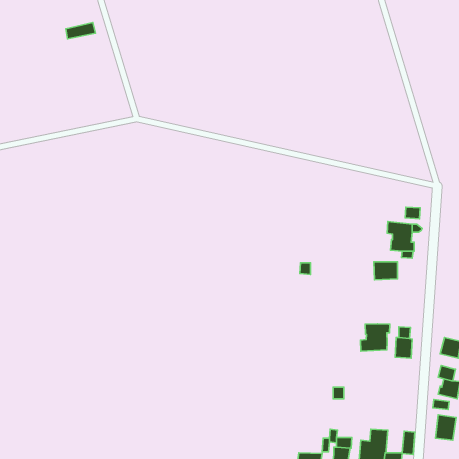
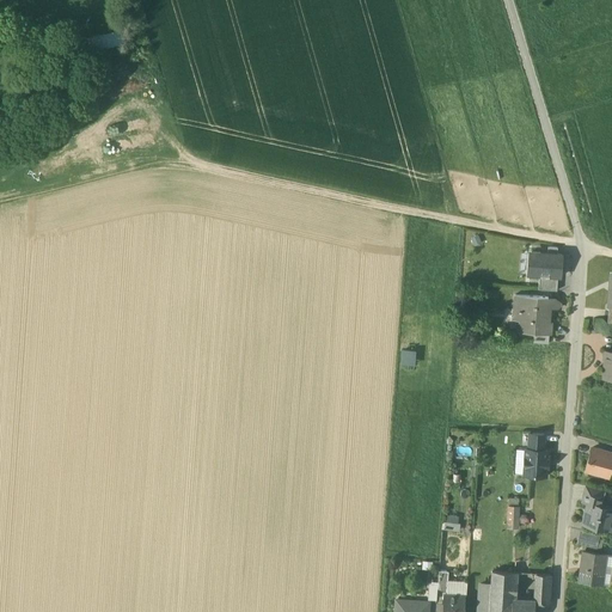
building: none -> [531,253,563,277]
building: [374,262,398,280] -> none
building: [361,324,390,351] -> none

